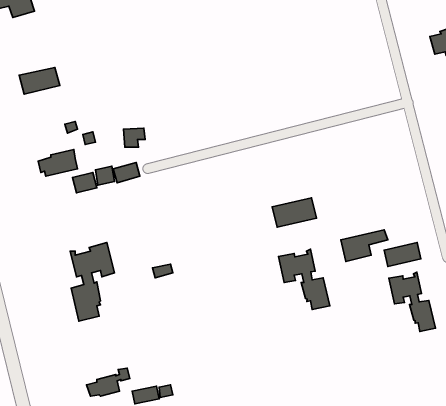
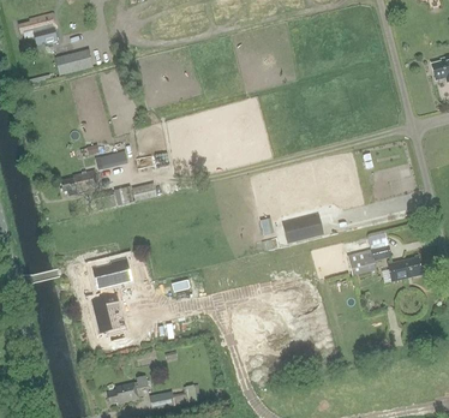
building: [19,68,60,94] -> [54,50,92,76]
building: [279,249,330,310] -> none
building: [389,272,435,331] -> none

